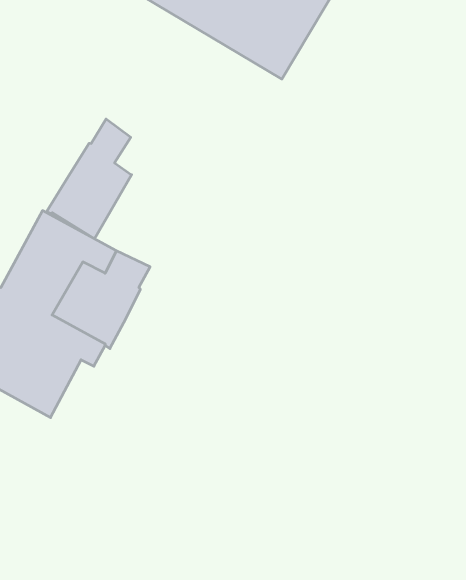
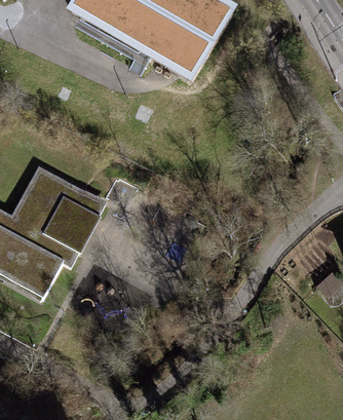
building: [47,119,132,239] -> none

